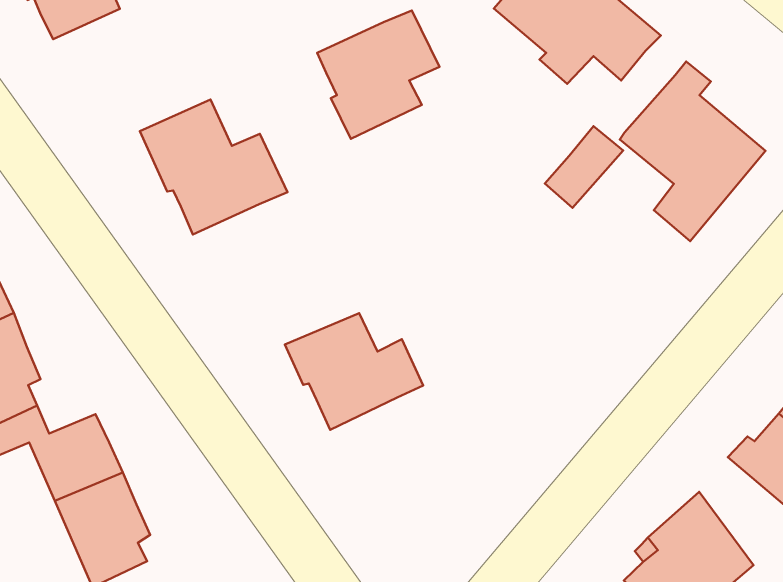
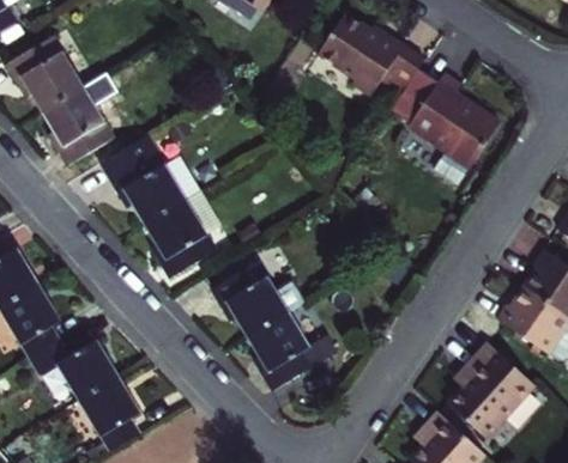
building: none -> [43,83,113,159]
building: [317,10,440,139] -> [145,185,223,270]
building: [545,126,623,208] -> [389,71,436,123]
building: none -> [246,306,331,382]

